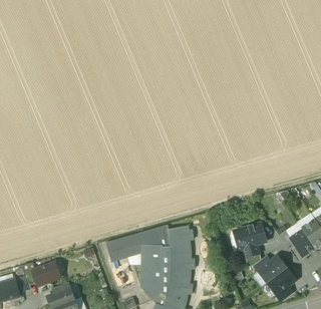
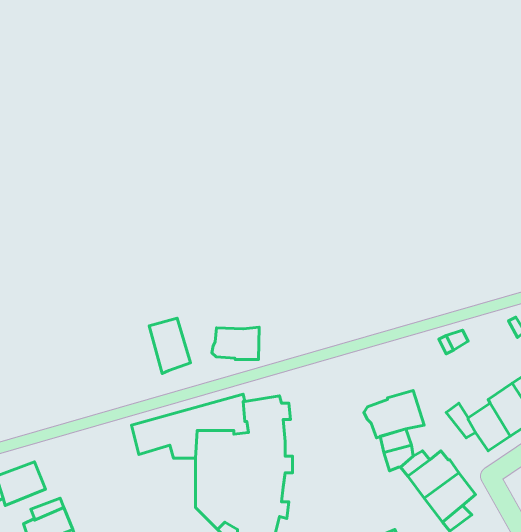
building: none -> [149,318,190,373]
building: none -> [212,327,259,360]

